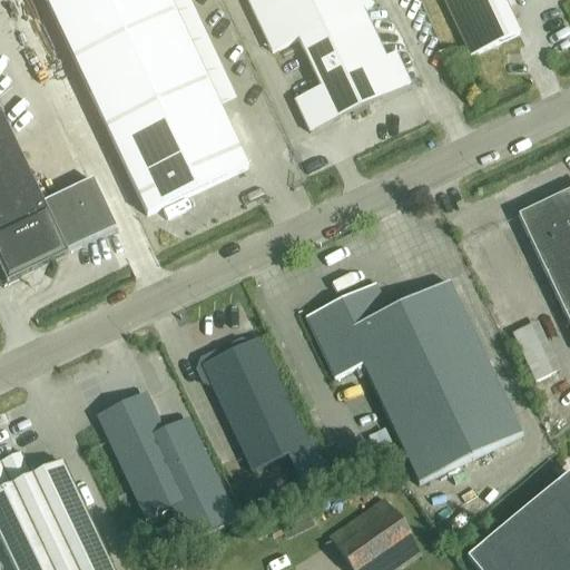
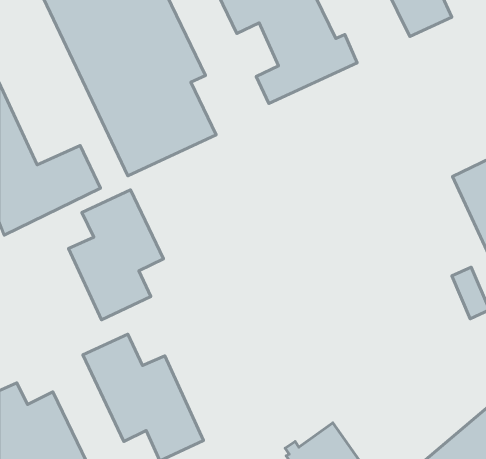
building: none -> [69,190,163,320]
building: [306,278,523,482] -> none
building: [204,335,336,492] -> none

